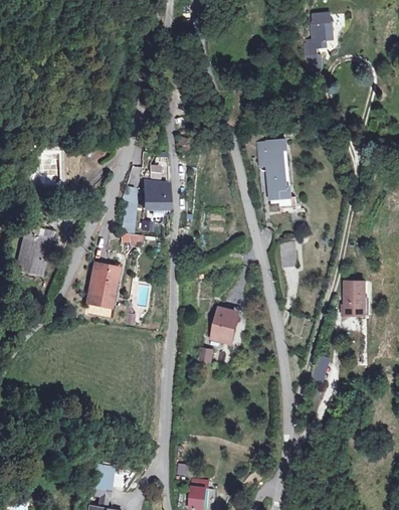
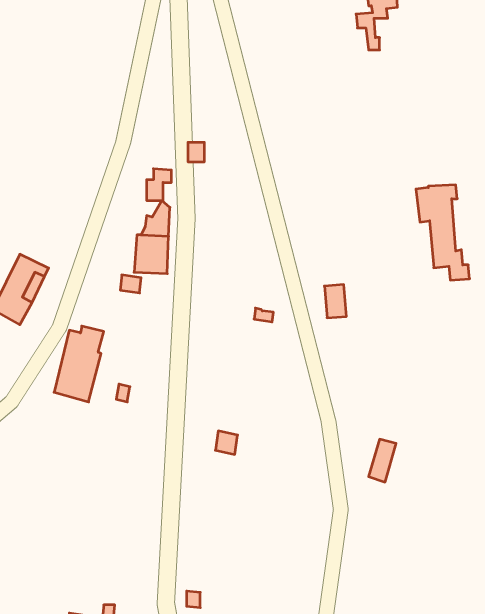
building: [255,137,294,206] -> [416,185,470,280]
building: [341,278,362,314] -> none
building: [214,313,238,344] -> none

